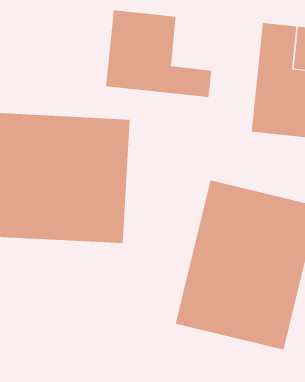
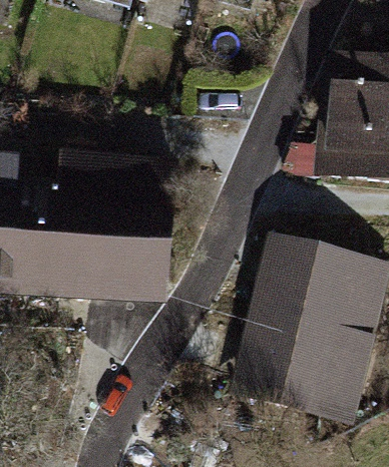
building: [106,9,212,98] -> none

